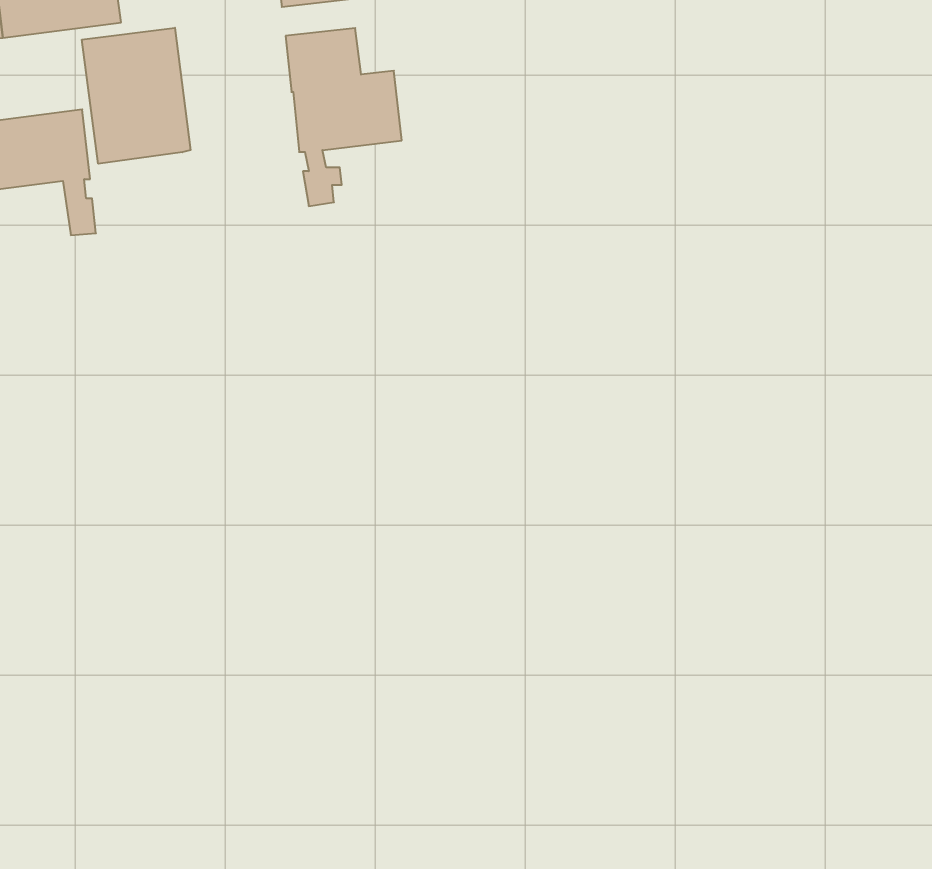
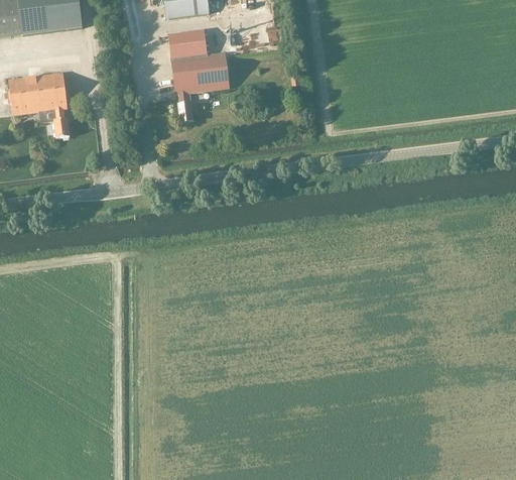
building: [82,28,191,164] -> none

